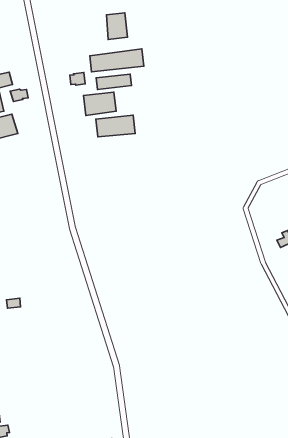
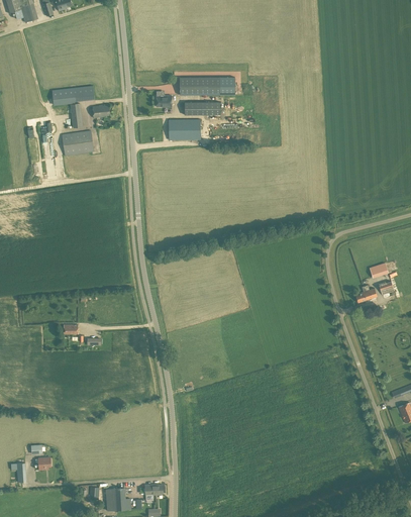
building: [106,13,127,39] -> none
building: [96,115,135,137] -> none

